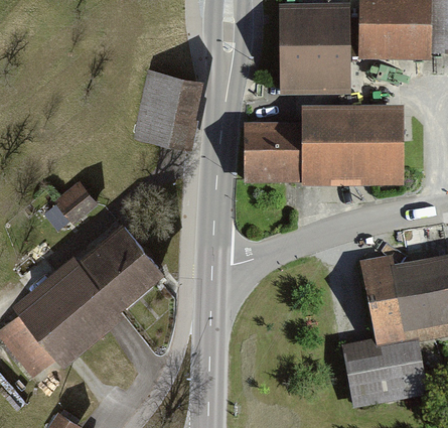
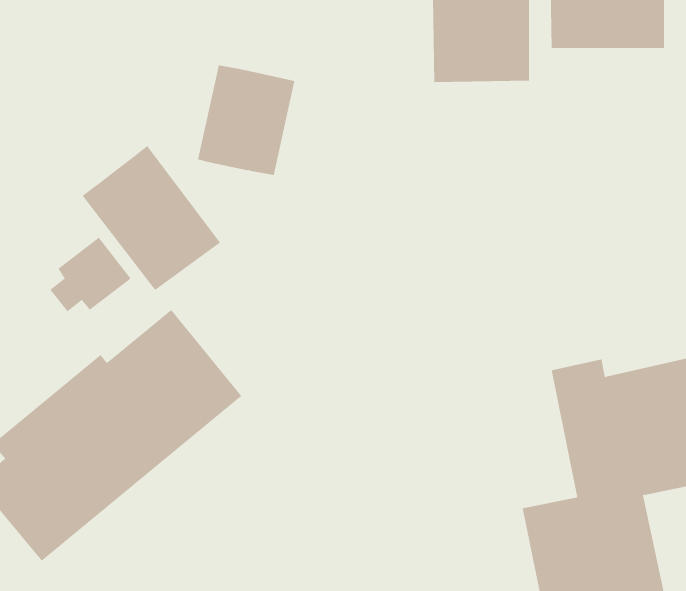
building: [248,108,406,180] -> none
building: none -> [82,145,221,291]

